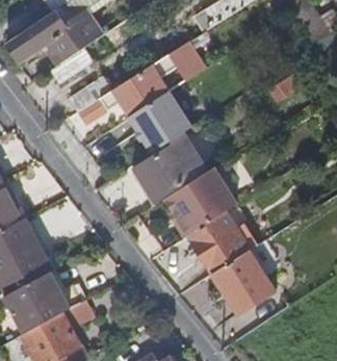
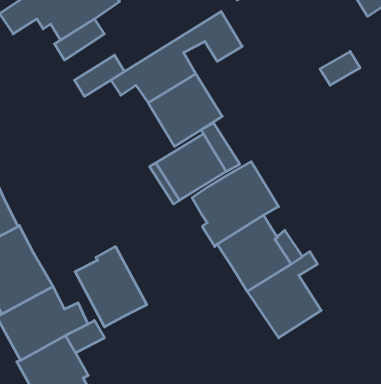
building: none -> [75,247,147,327]

